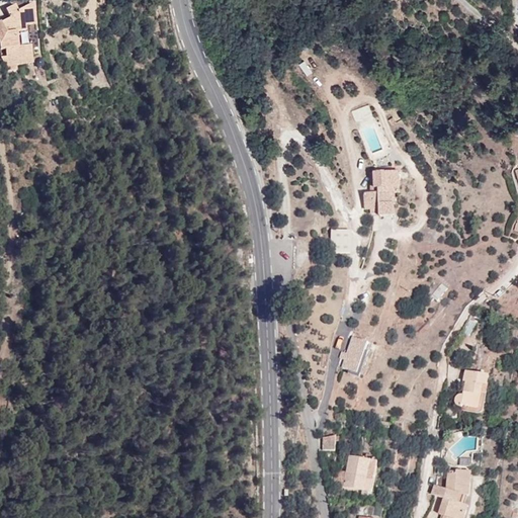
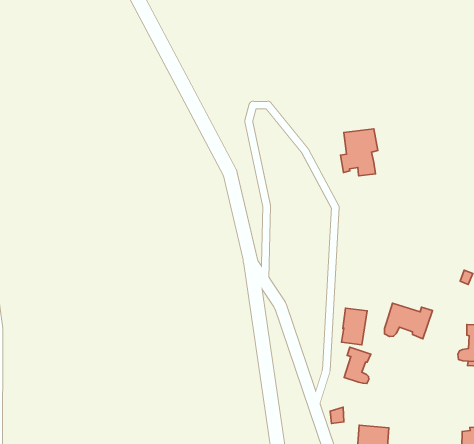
building: none -> [384,303,433,339]
building: none -> [344,347,371,383]

